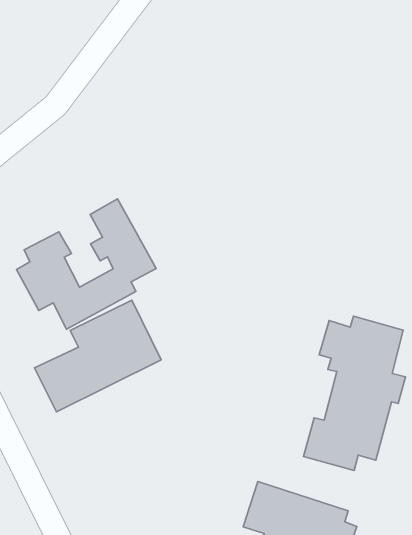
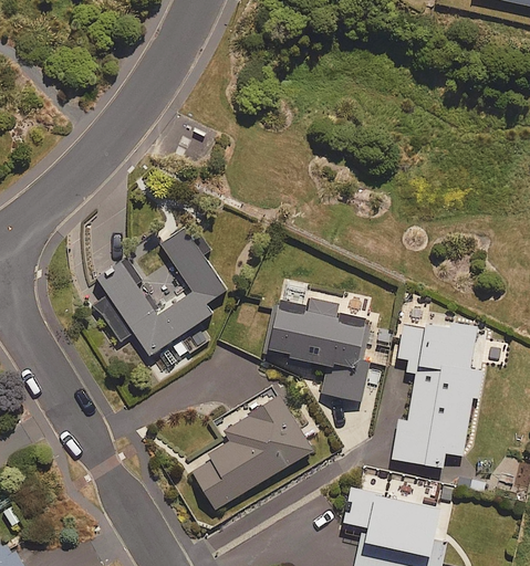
building: none -> [269,298,368,401]
building: [35,300,161,412] -> [190,394,313,510]

